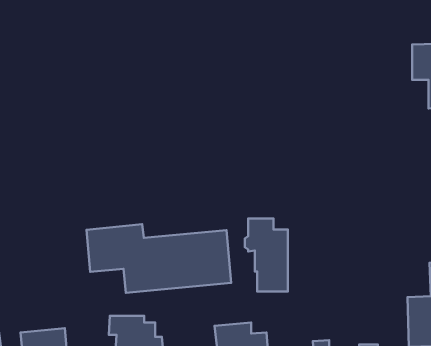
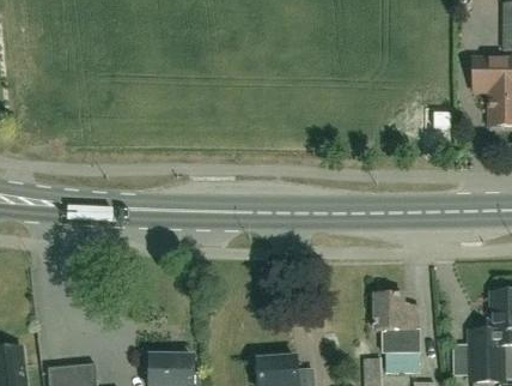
building: [245,219,288,291] -> [372,294,419,373]
building: [86,224,231,293] -> none

